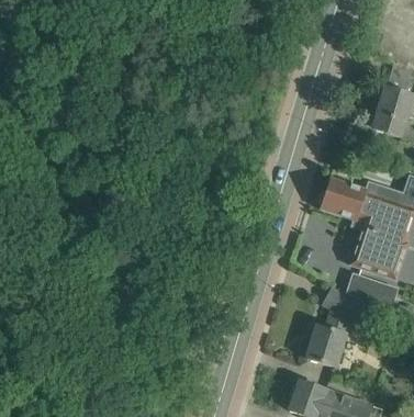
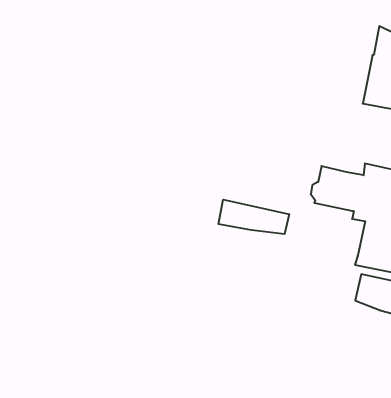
building: none -> [218,200,289,234]
building: [307,288,367,367] -> none

